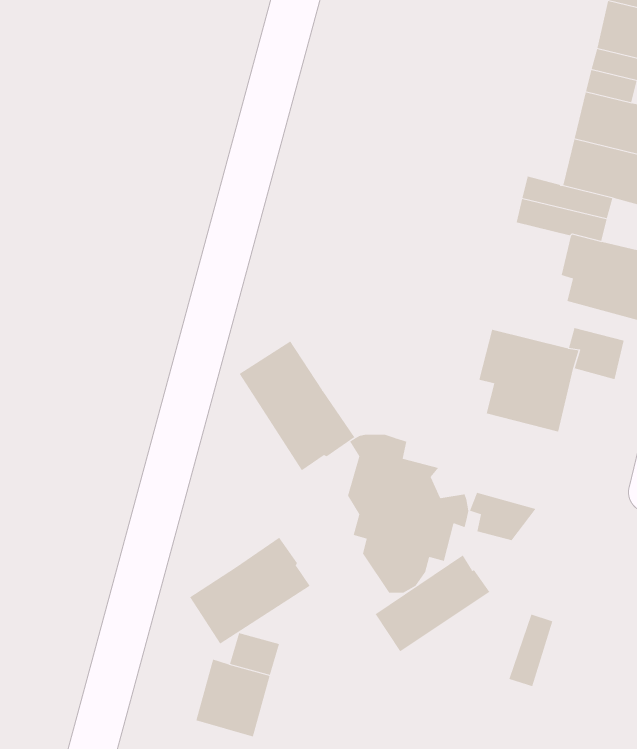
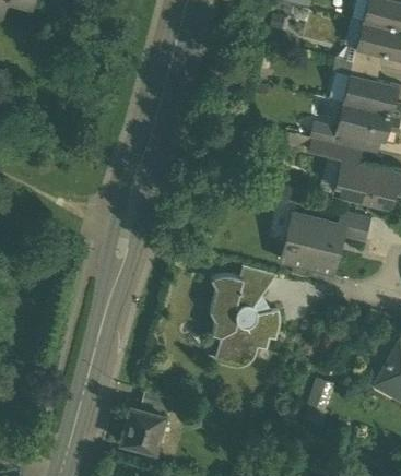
building: [239,339,355,471] -> none
building: [469,492,536,541] -> [237,265,276,294]
building: [188,537,310,644] -> none
building: [375,555,490,652] -> none

